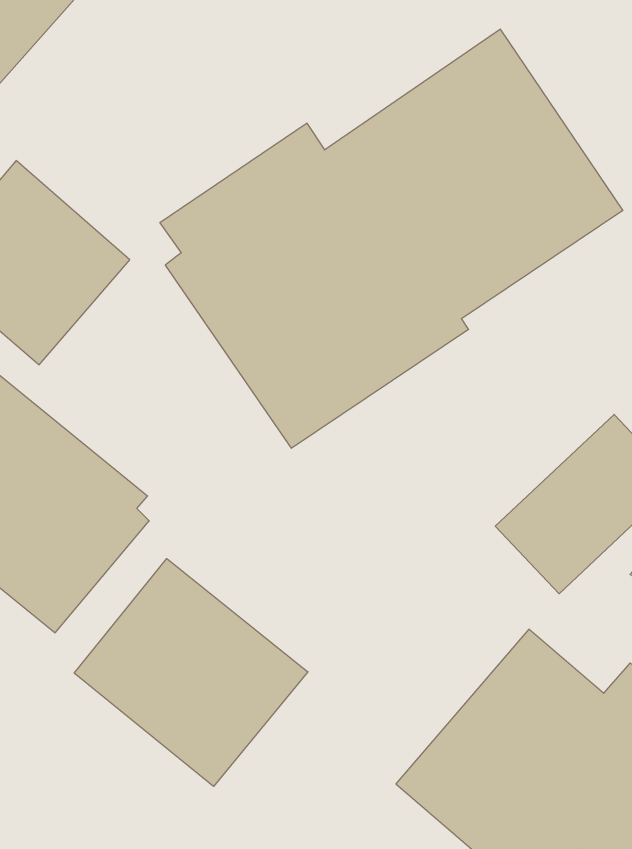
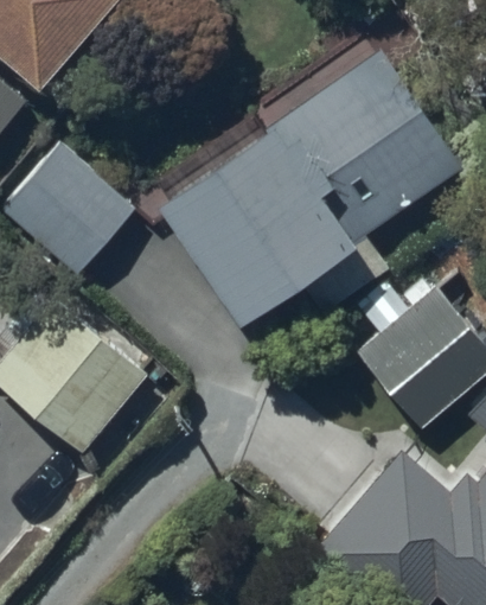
building: [74,559,308,786] -> none

